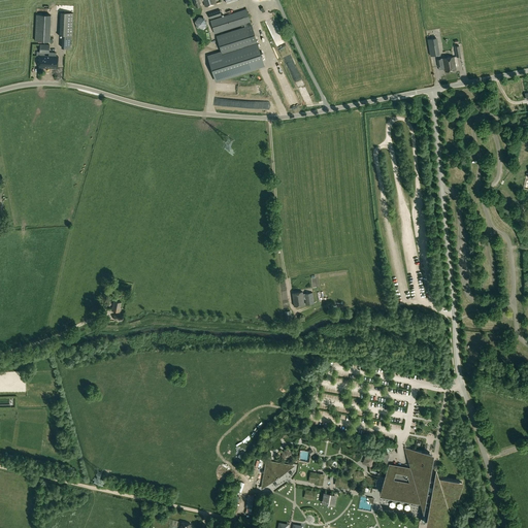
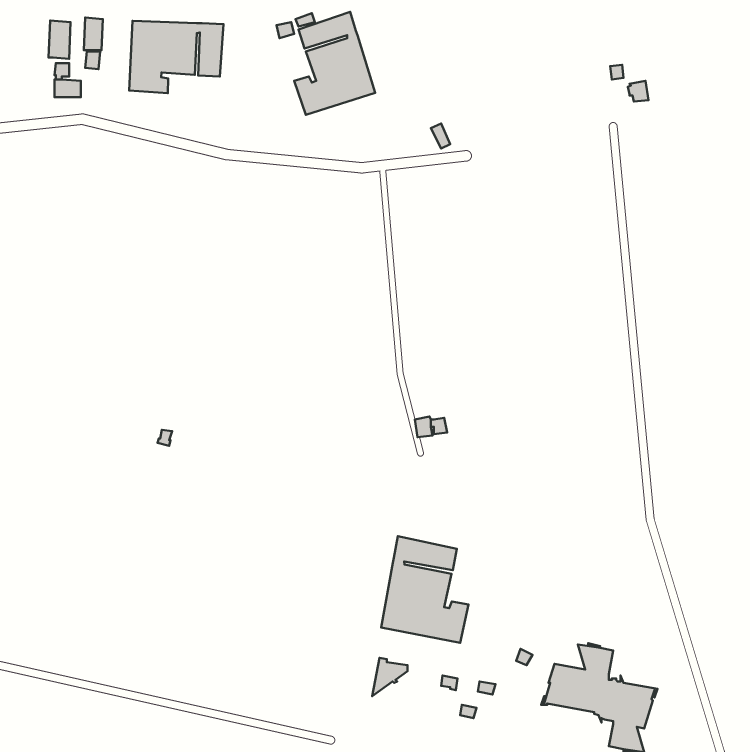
building: none -> [129,21,223,93]
building: none -> [381,536,469,643]

